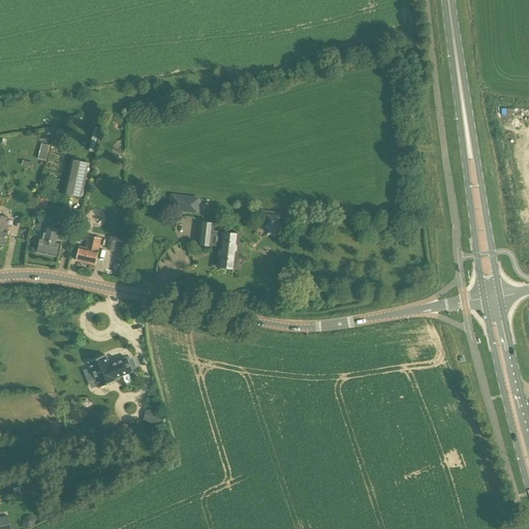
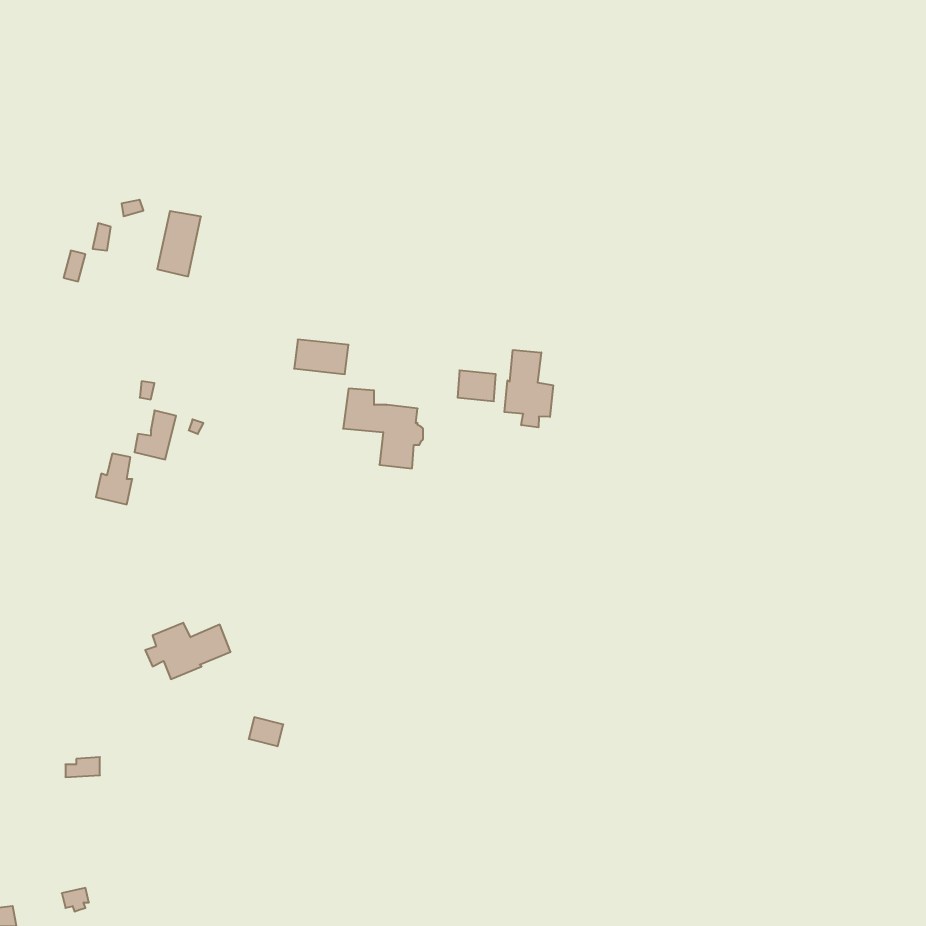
building: [63,159,88,196] -> [157,211,201,276]
building: none -> [504,350,553,427]
building: [37,226,58,255] -> [96,454,132,504]

